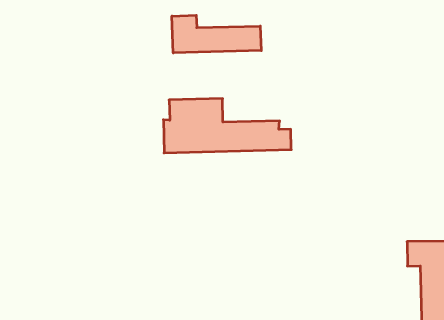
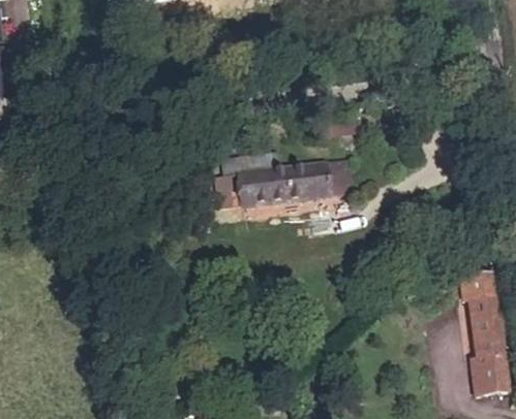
building: [172,15,261,53] -> none

